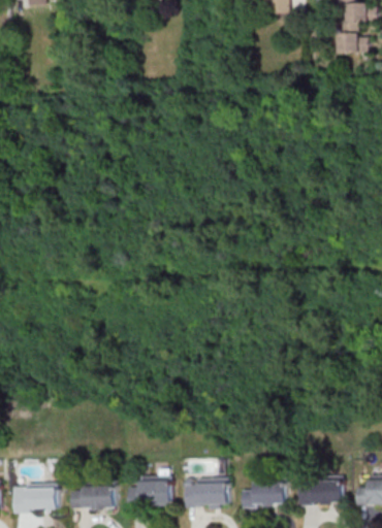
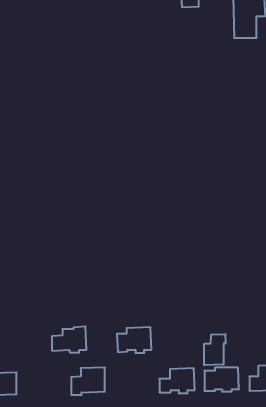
building: none -> [204,334,225,365]
building: [183,476,227,509] -> [117,327,151,353]
building: [69,478,114,512] -> [52,327,86,352]

